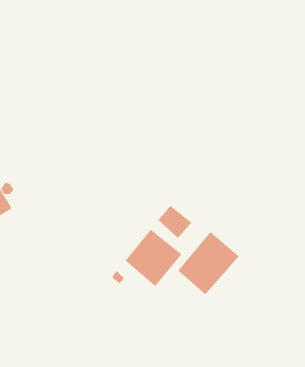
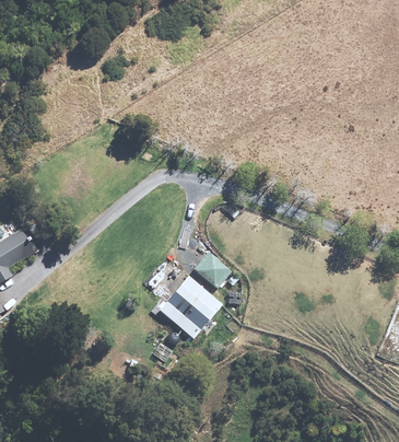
building: [178,231,240,295] -> none

